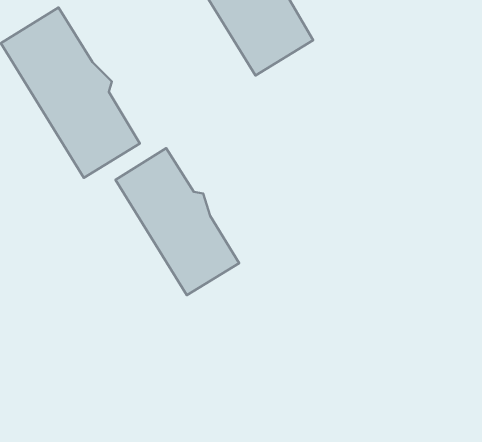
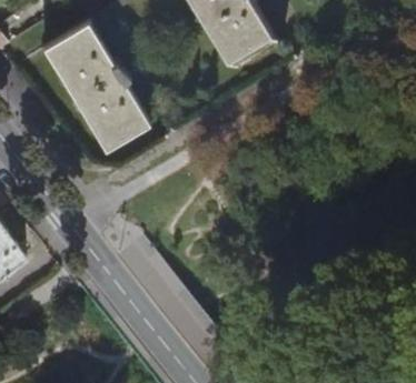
building: [116,148,239,295] -> none

